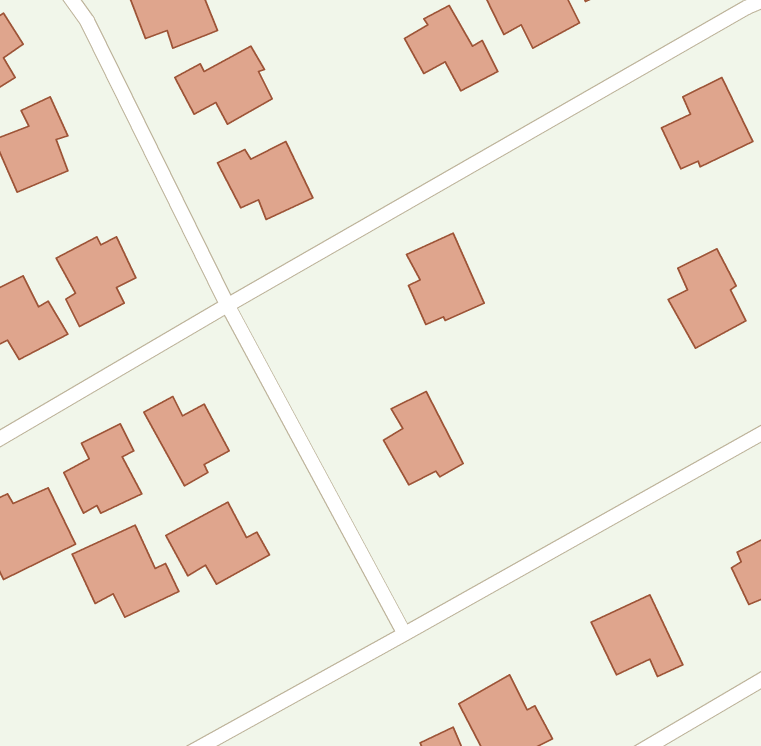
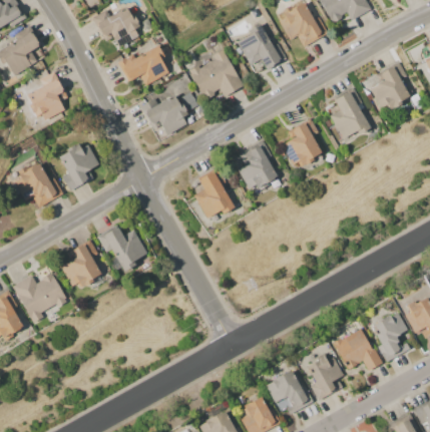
building: none -> [188,51,243,99]
building: none -> [281,118,322,164]
building: [668,249,746,348] -> [329,88,369,139]
building: [383,391,463,485] -> [193,169,235,218]
building: [166,502,269,584] -> none
building: [72,525,179,617] -> none
building: none -> [370,311,410,360]
building: none -> [307,354,343,399]

